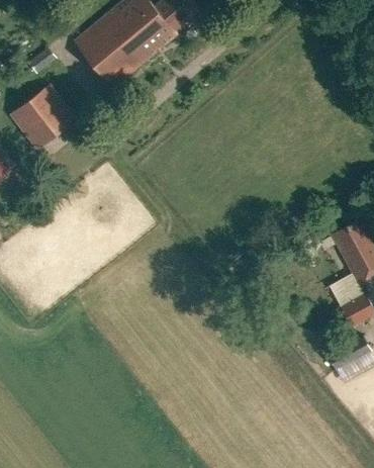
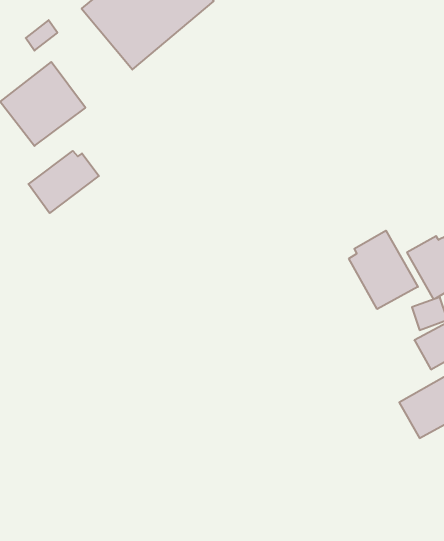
building: none -> [28,151,99,213]
building: none -> [349,231,418,309]

